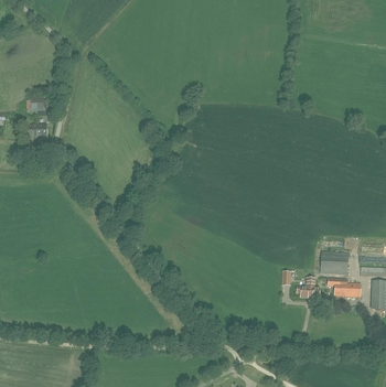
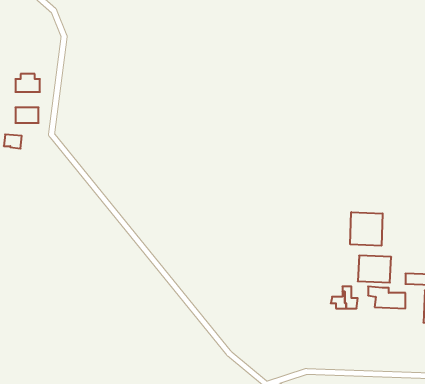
building: none -> [350,212,383,246]

